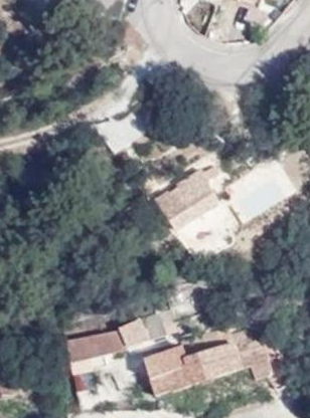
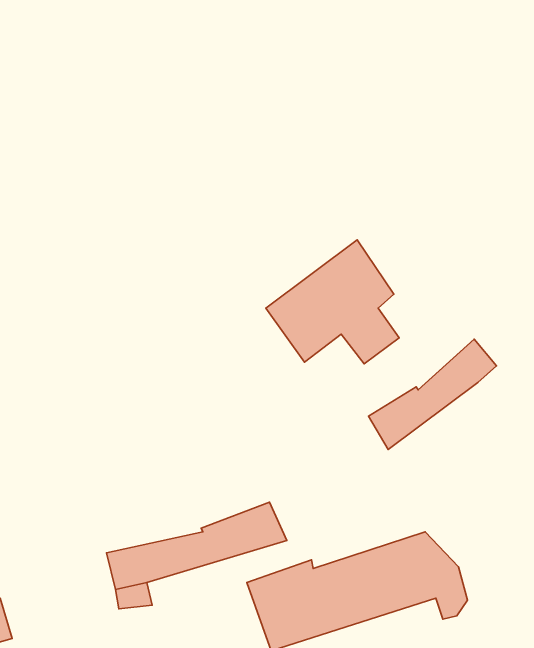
building: none -> [368,339,496,450]

